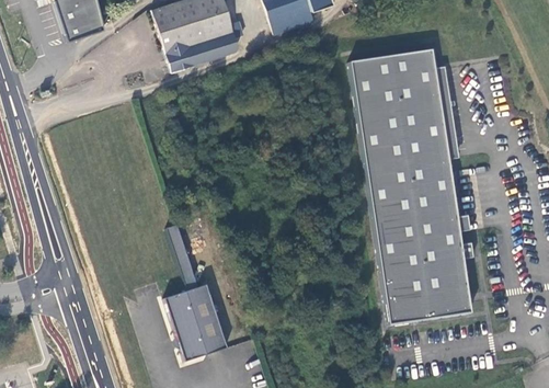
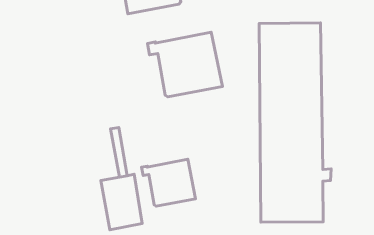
building: none -> [147,32,222,97]
building: none -> [142,159,196,206]

